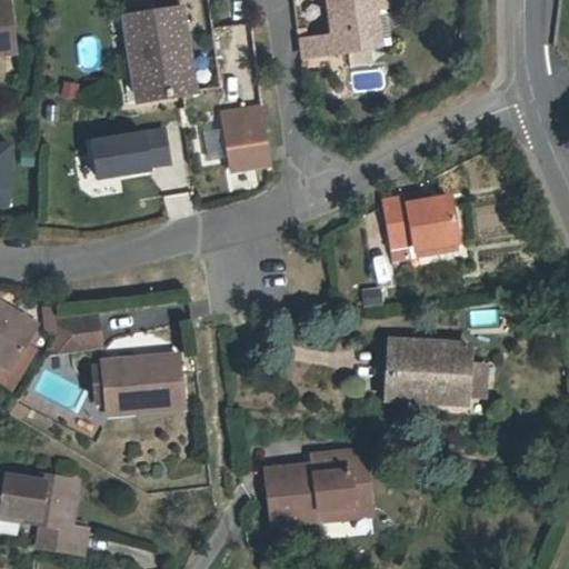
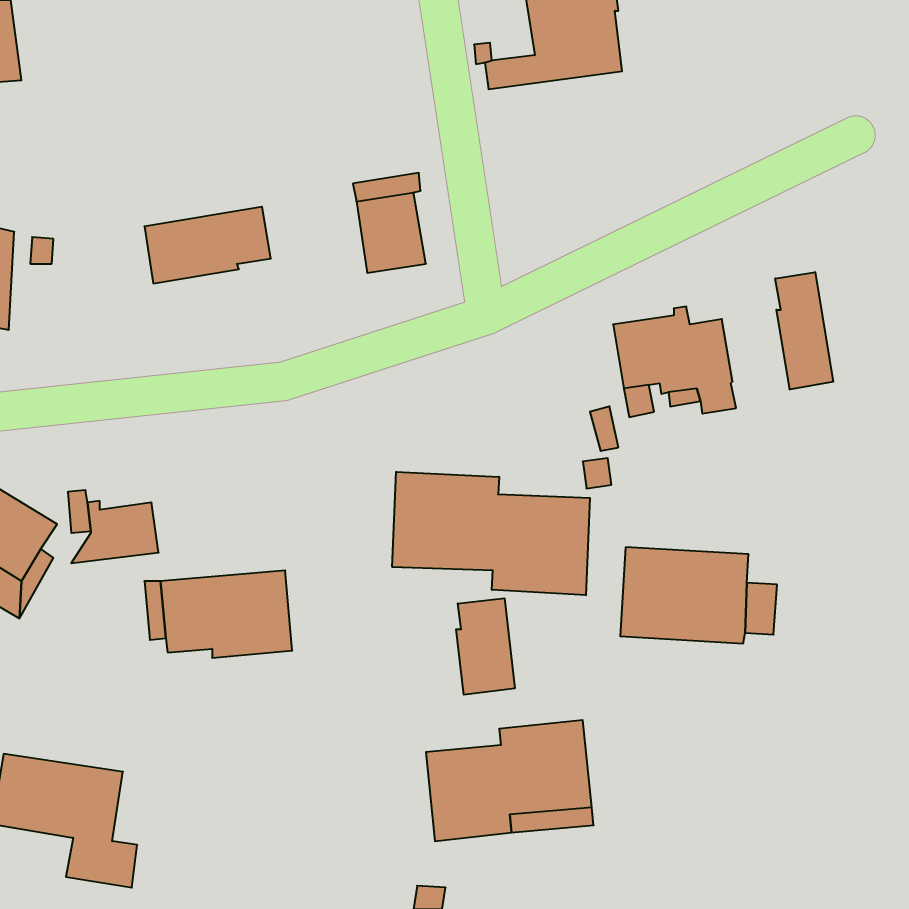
building: [126,10,197,98] -> none
building: none -> [775,272,833,390]
building: none -> [392,472,590,595]
building: none -> [456,598,515,695]

